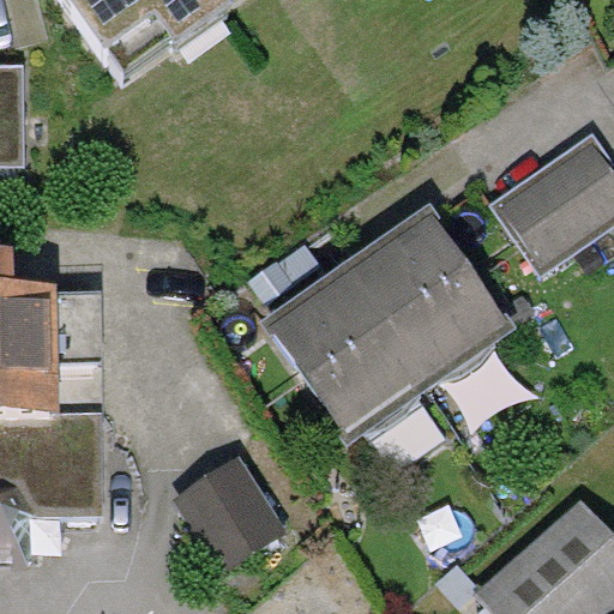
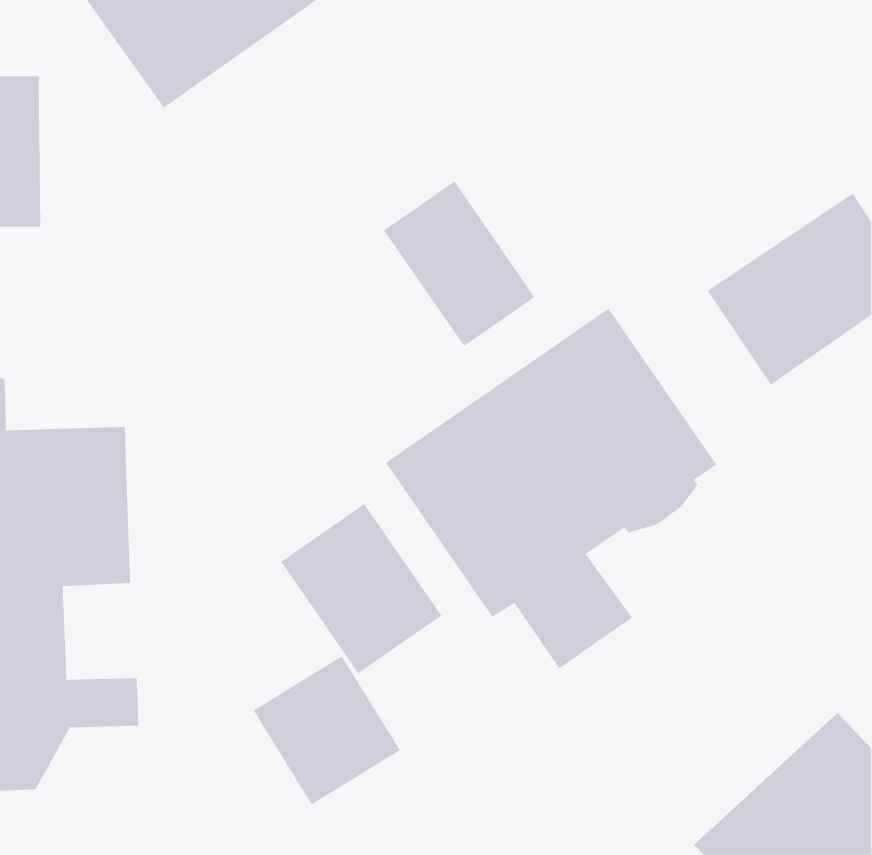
building: none -> [383,181,535,347]
building: none -> [280,503,442,674]

